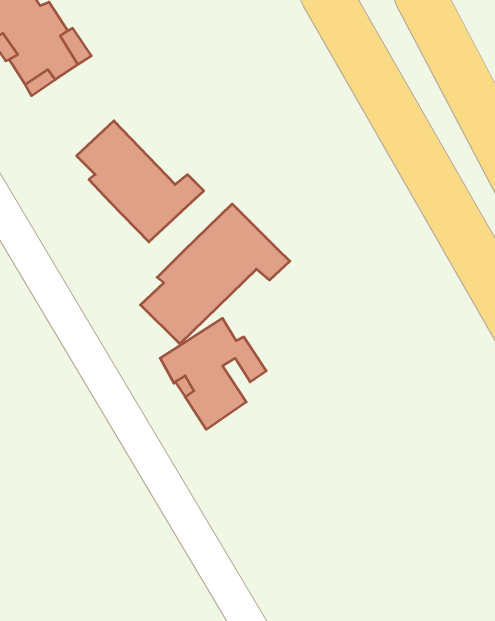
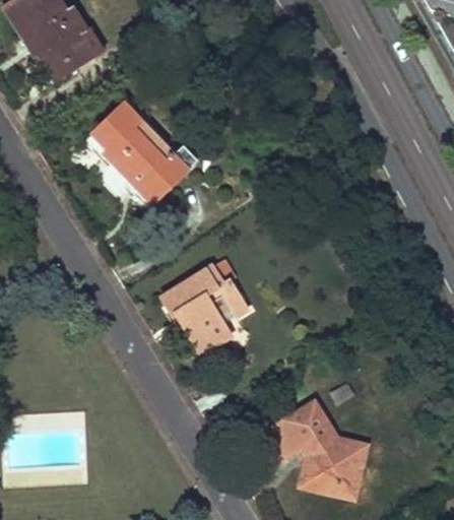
building: [140,204,290,344] -> none
building: none -> [243,399,363,491]

